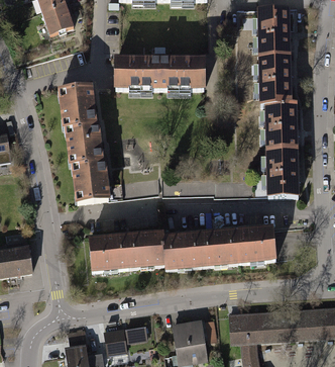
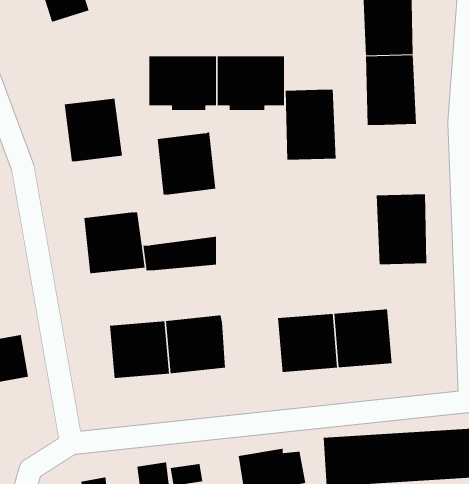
building: [263,103,298,151] -> [285,89,336,160]
building: [64,123,103,166] -> [157,131,216,195]
building: [162,233,202,272] -> none

